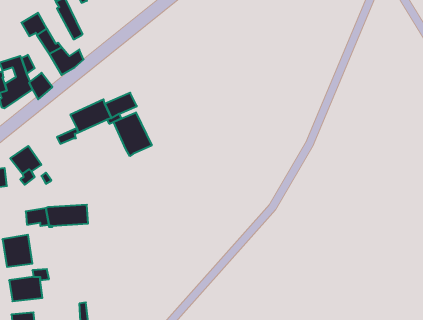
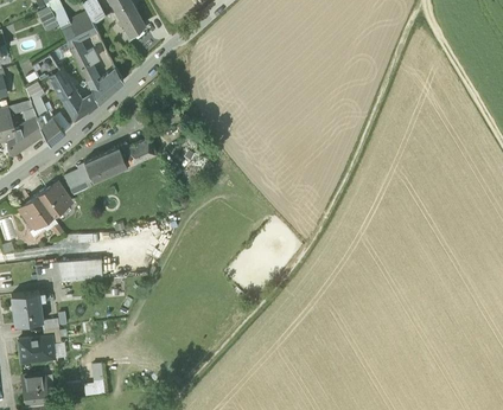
building: none -> [87,68,123,103]
building: [113,112,152,156] -> none
building: none -> [38,182,69,216]

